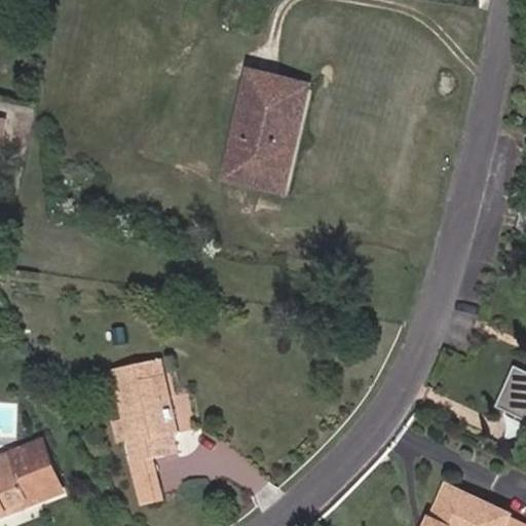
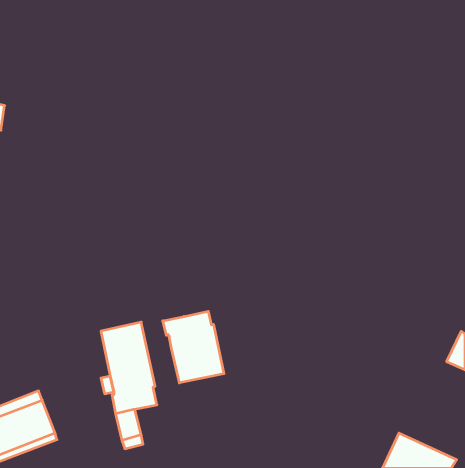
building: [226,75,305,190] -> none
building: none -> [163,311,224,383]

